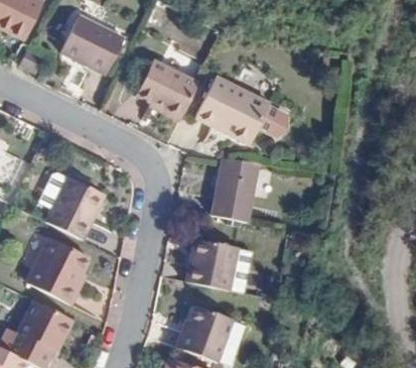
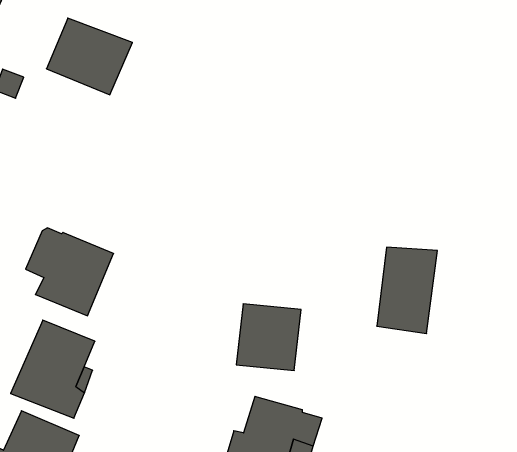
building: [137,54,202,116] -> none
building: [197,78,272,145] -> none
building: [214,158,262,224] -> [377,247,437,334]

